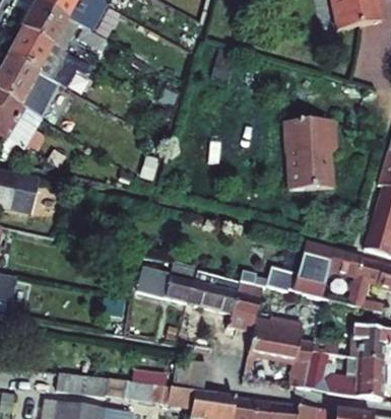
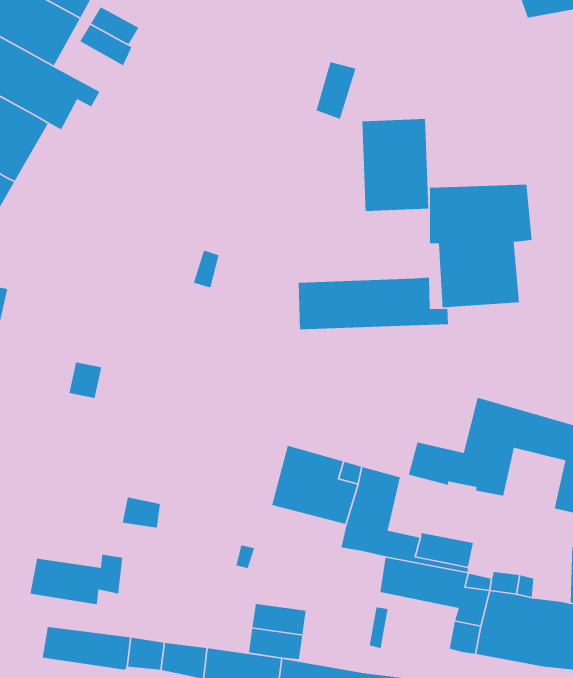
building: none -> [362,118,429,212]
building: none -> [298,277,449,330]
building: [137,262,197,302] -> none
building: none -> [30,554,123,605]

